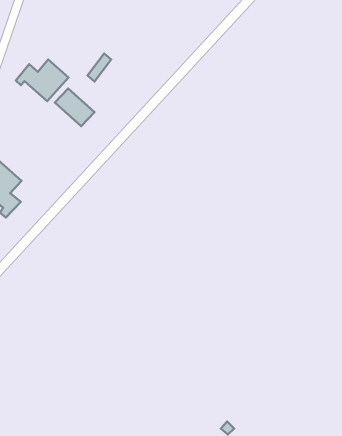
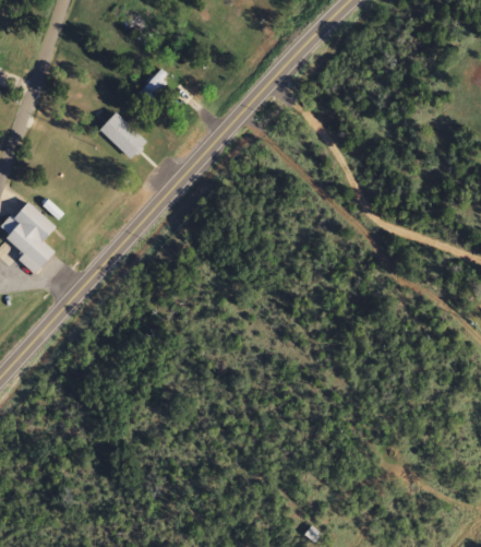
building: [16,59,68,101] -> none

